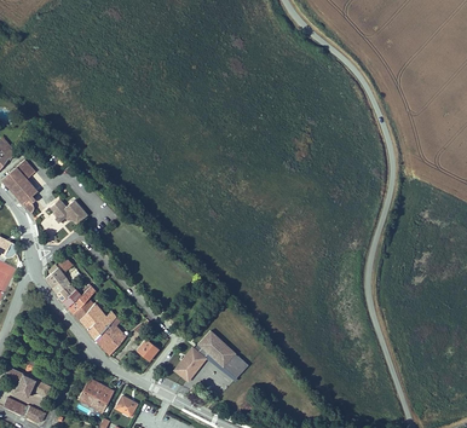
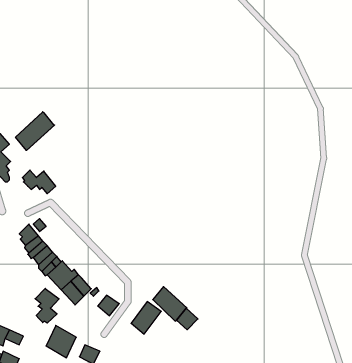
building: none -> [16,112,55,150]
building: none -> [35,288,59,323]

